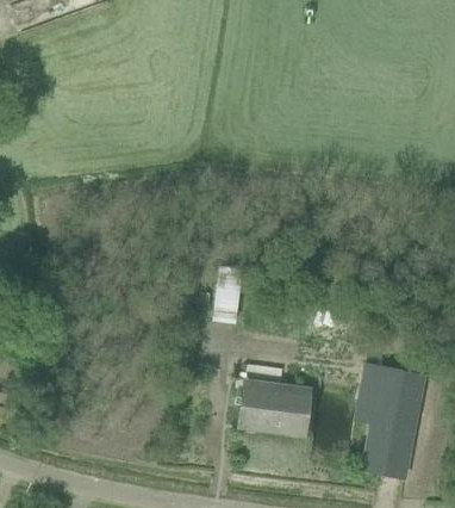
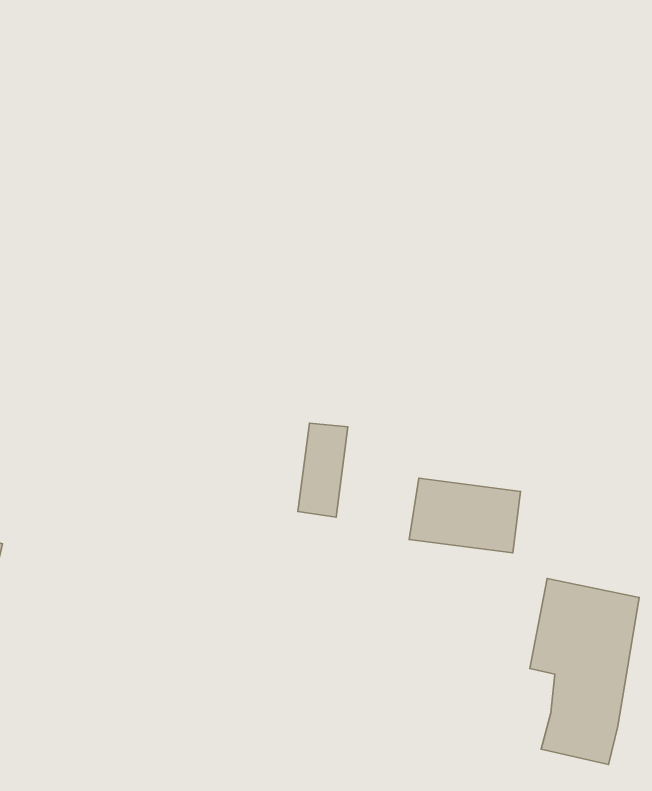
building: [238,385,307,432] -> [409,478,520,553]

